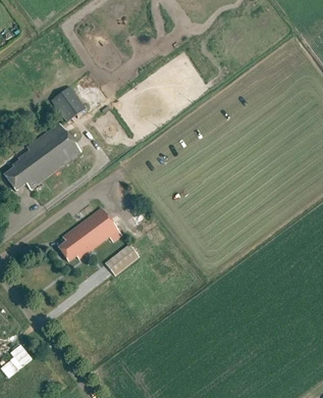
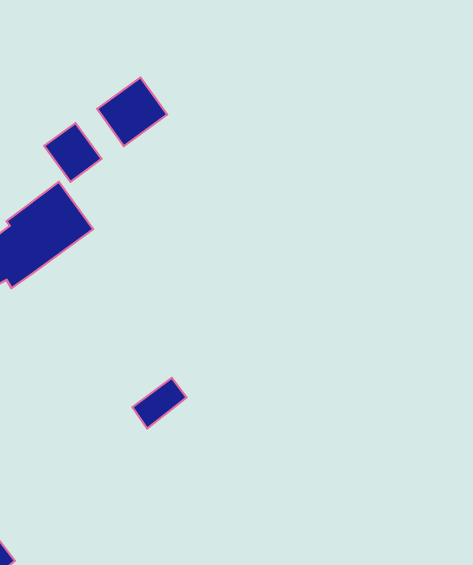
building: none -> [97,77,167,146]
building: [58,207,121,261] -> none

